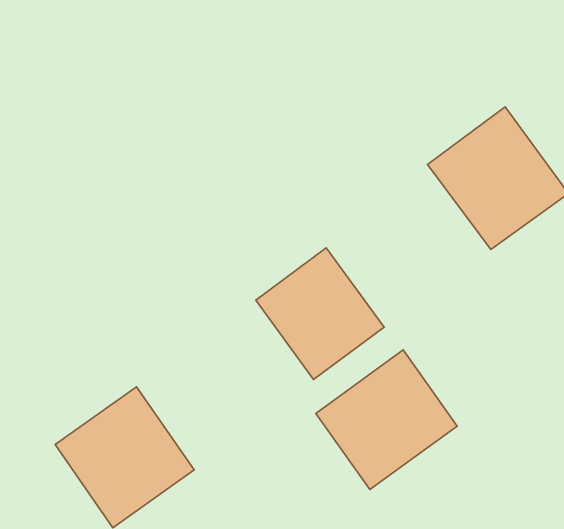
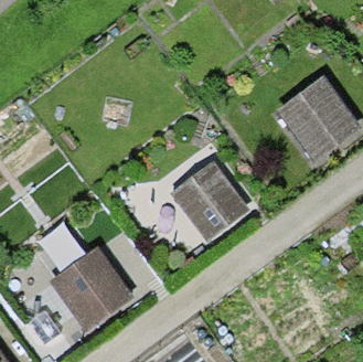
building: [316,350,457,490] -> none

